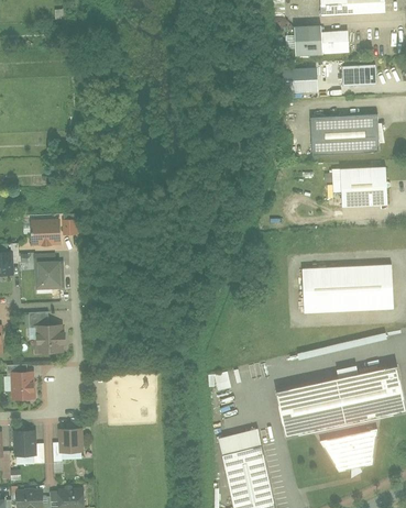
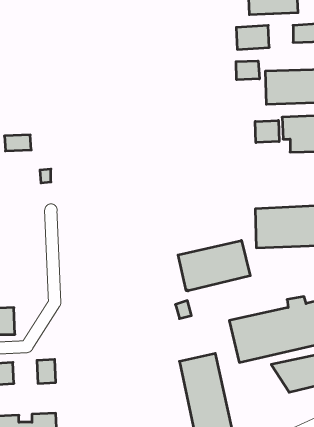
building: none -> [236,61,259,80]
building: none -> [255,120,279,143]
building: [30,223,59,241] -> [4,135,31,151]
building: [34,257,64,294] -> none
building: none -> [178,240,250,291]
building: [29,316,63,357] -> none

